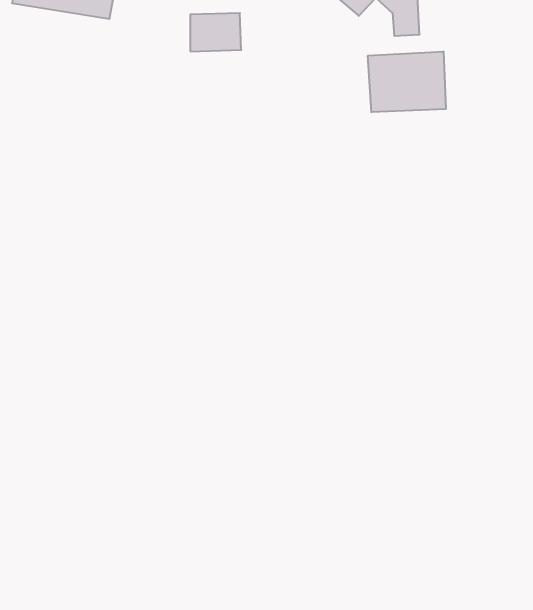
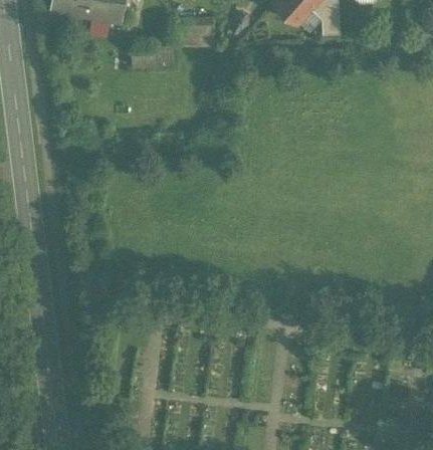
building: [368,51,446,112] -> none

